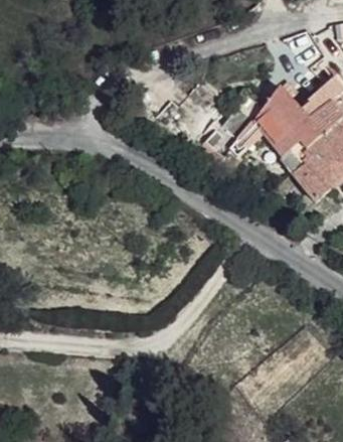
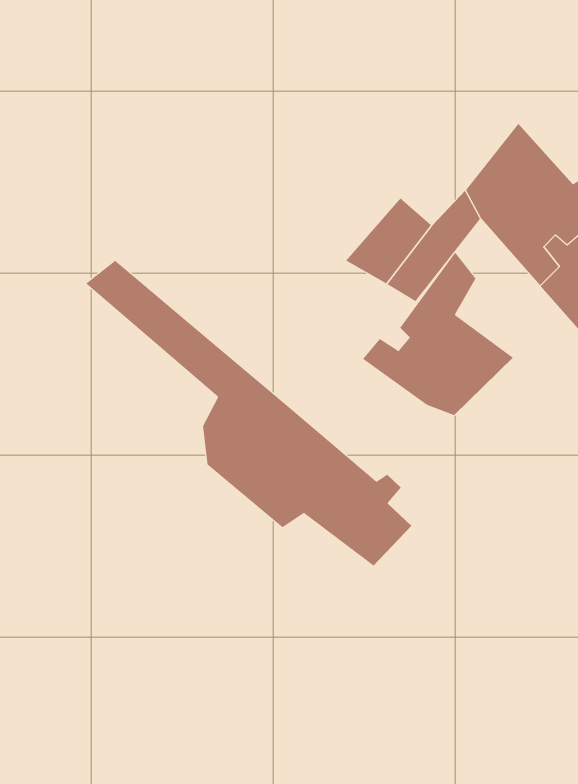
building: none -> [362,252,514,416]
building: none -> [85,260,412,567]

